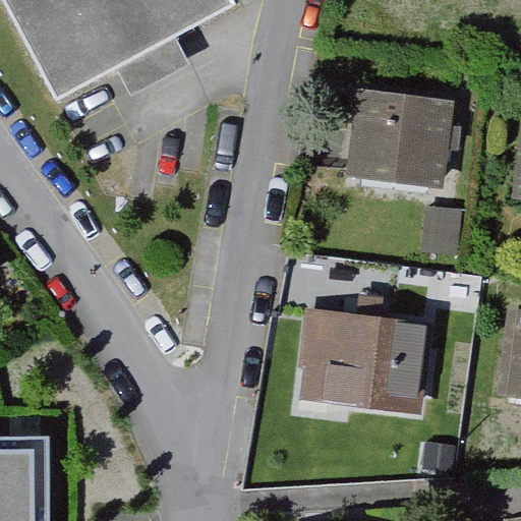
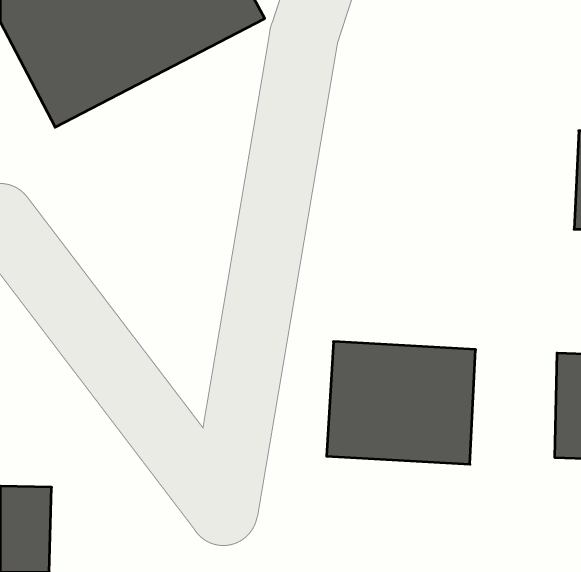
building: [352,89,454,183] -> none

